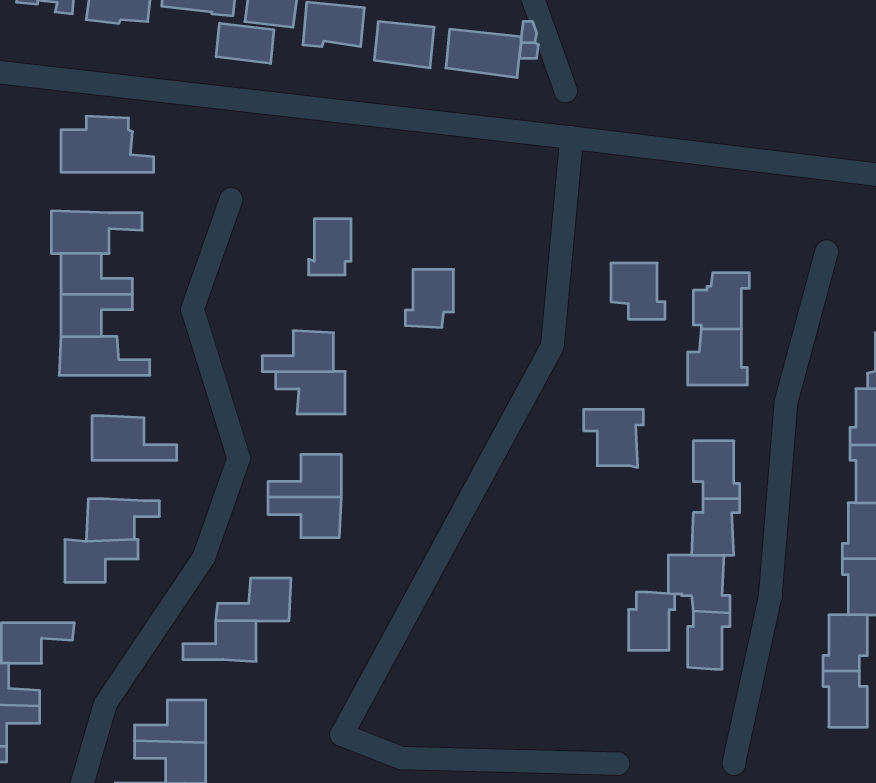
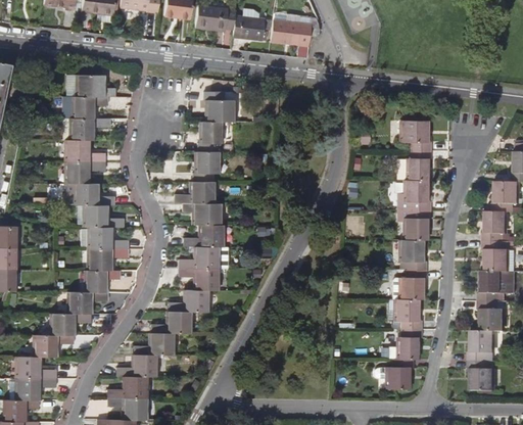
building: [216,23,274,64] -> none
building: none -> [204,91,233,121]
building: none -> [62,96,109,117]
building: [611,263,665,319] -> [402,120,431,149]
building: [405,269,454,327] -> [192,150,218,181]
building: none -> [79,203,125,226]
building: [584,409,643,467] -> [398,208,430,239]
building: none -> [182,224,220,245]
building: none -> [90,248,129,270]
building: none -> [168,289,205,311]
building: none -> [53,313,91,334]
building: [628,592,675,650] -> [388,358,413,388]
building: none -> [114,353,153,375]

